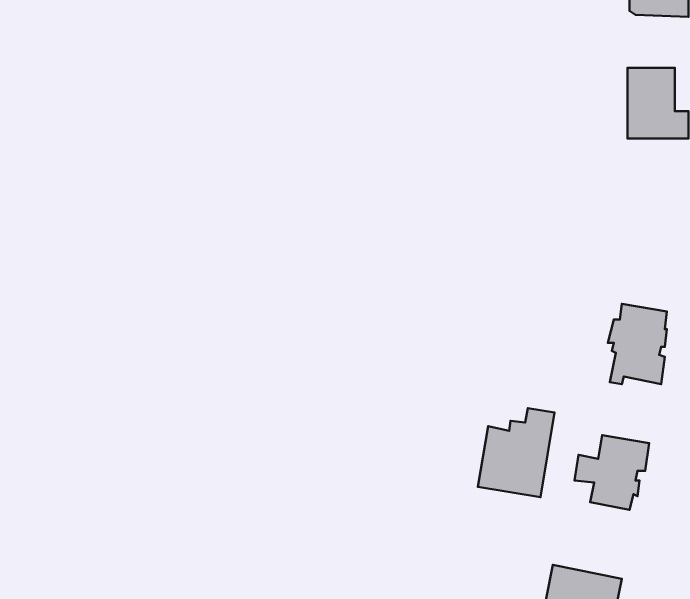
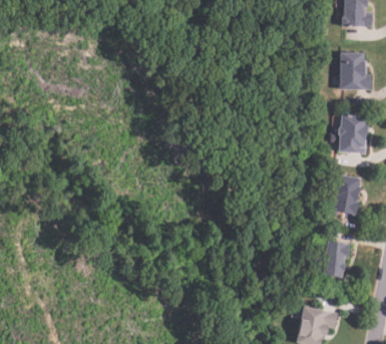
building: none -> [339,114,368,153]
building: [478,408,555,497] -> none

